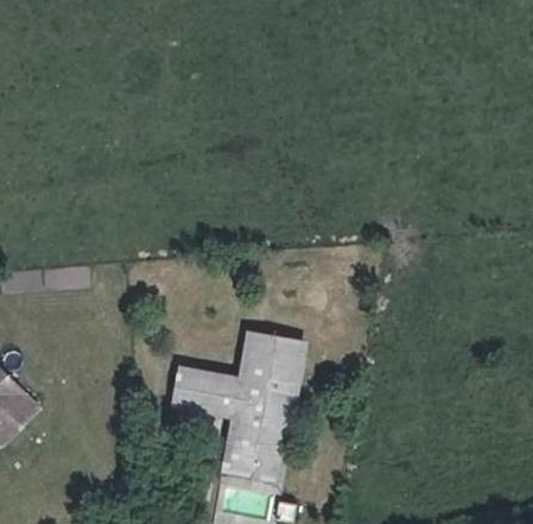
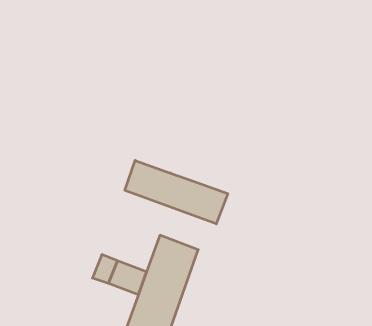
building: none -> [125,160,228,224]

